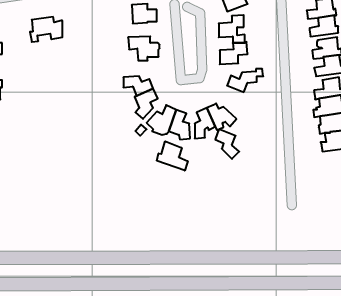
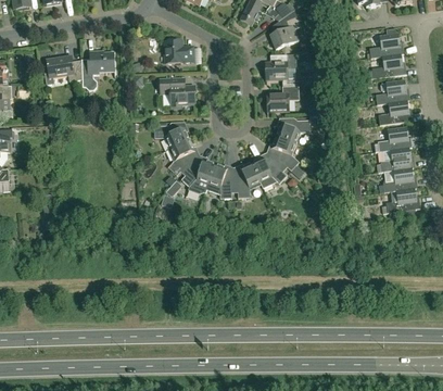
building: none -> [83,50,115,89]
building: [215,129,239,159] -> [271,135,300,169]
building: [157,141,188,171] -> none

